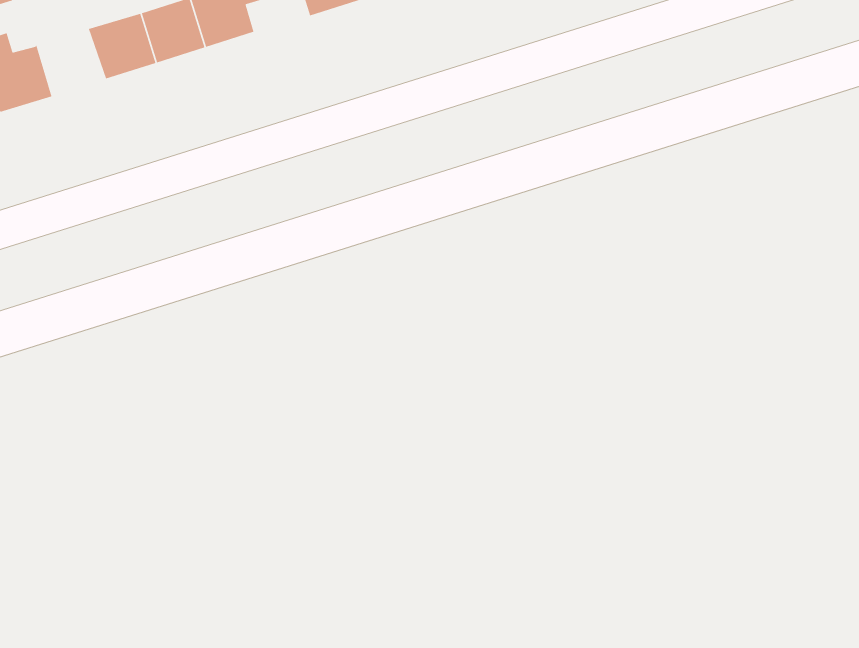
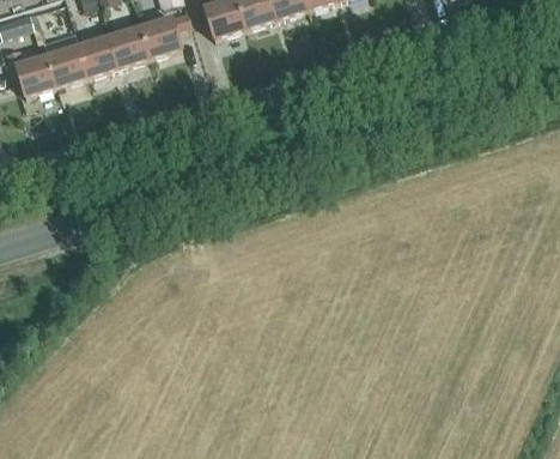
building: none -> [49,46,91,87]

